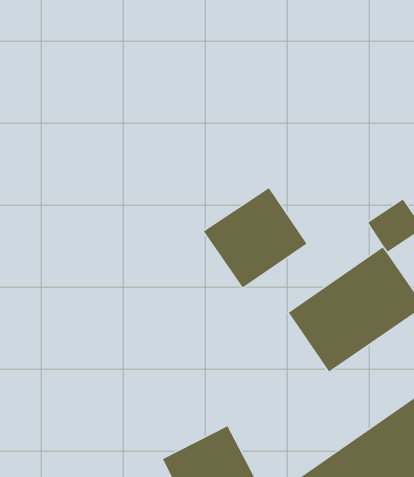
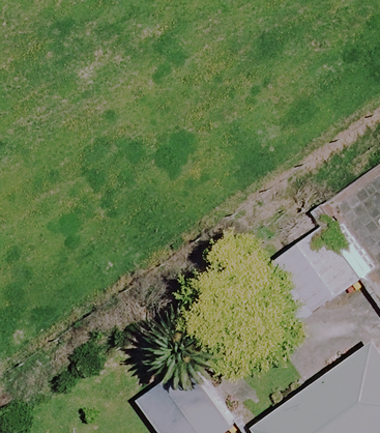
building: [203,187,307,289] -> none

